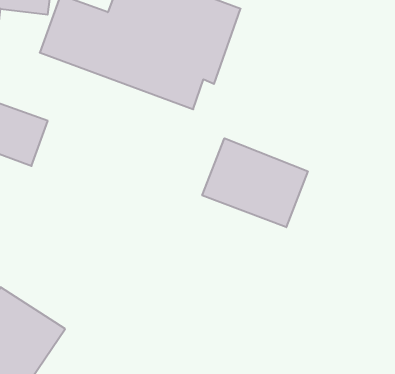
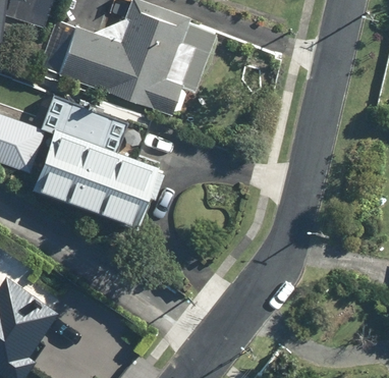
building: none -> [35,101,161,225]
building: [202,138,308,227] -> none

